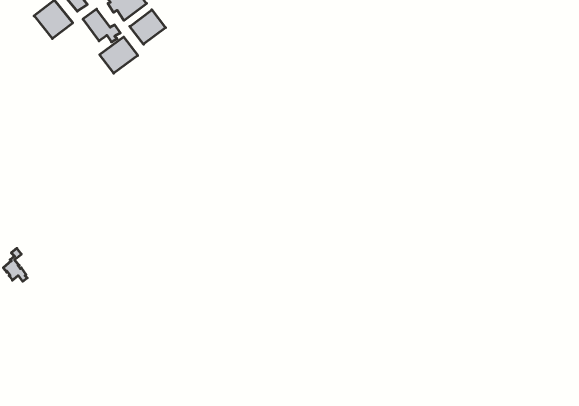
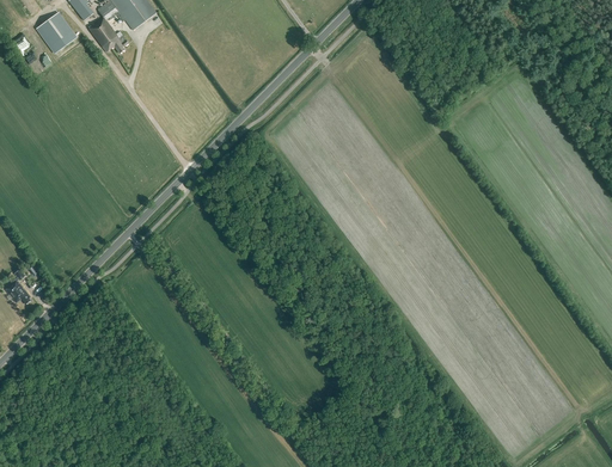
building: [130,10,166,44] -> none
building: [100,37,138,73] -> none

